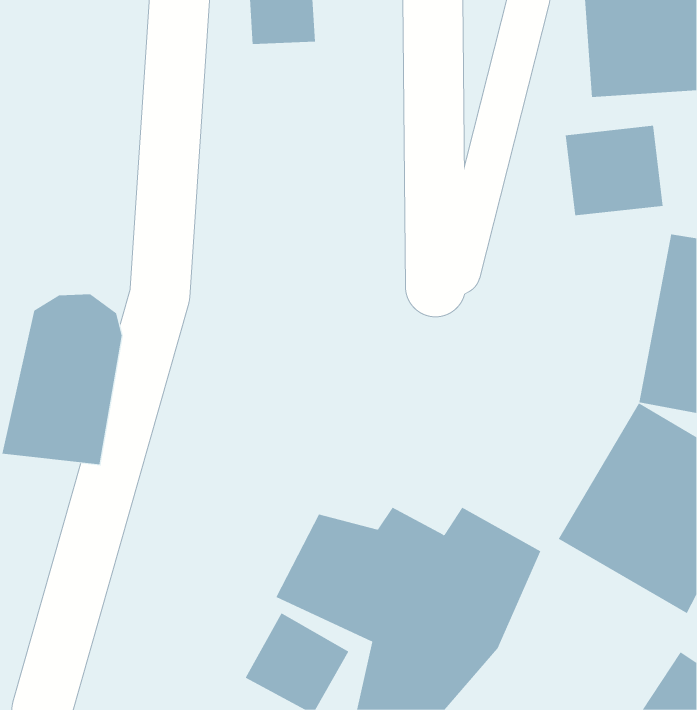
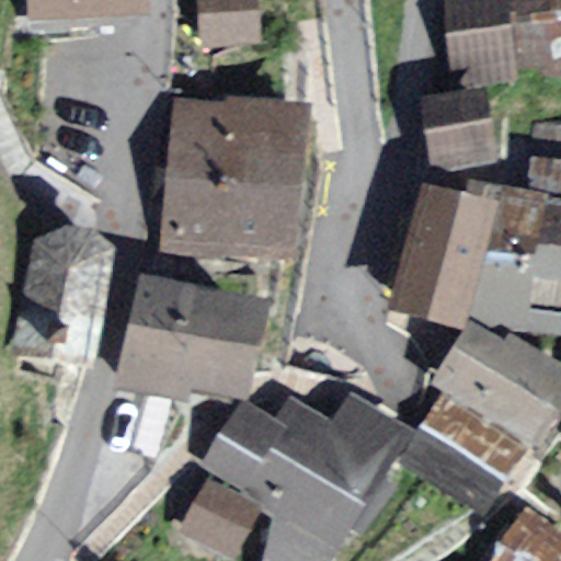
building: none -> [161,103,294,252]
building: none -> [410,187,524,329]
building: none -> [112,277,250,391]

